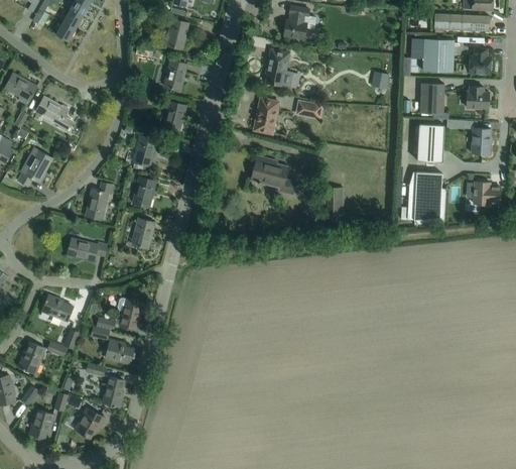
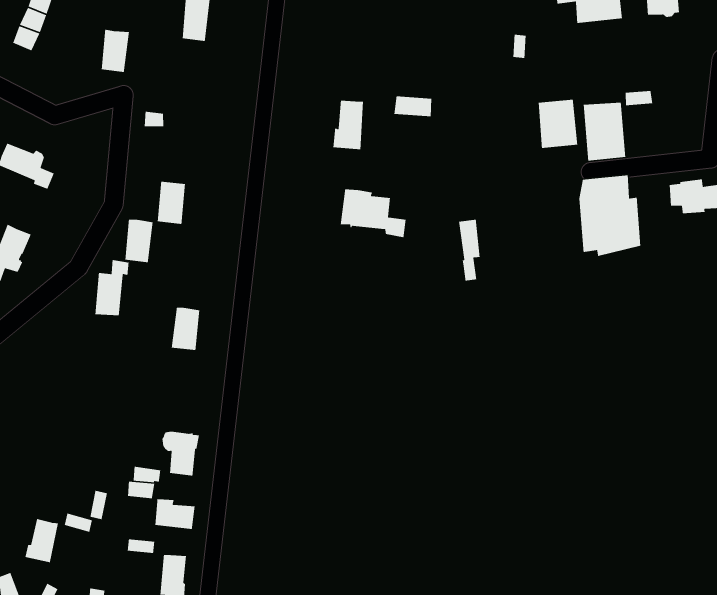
building: [266,48,293,87] -> none
building: [164,60,186,90] -> [101,29,130,73]
building: [419,83,444,114] -> [538,99,578,149]
building: [467,86,489,108] -> none
building: [163,101,185,131] -> none
building: [472,127,490,153] -> none
building: [133,177,155,207] -> [125,219,154,263]
building: [68,238,108,261] -> none
building: [42,295,73,321] -> none

